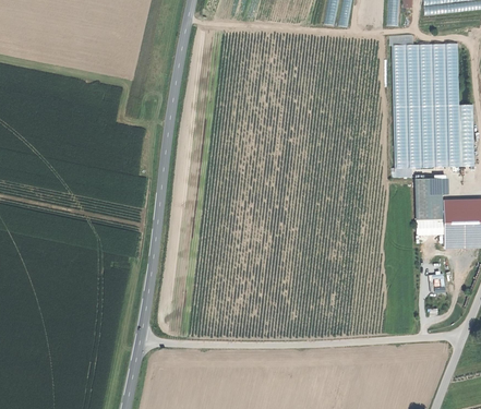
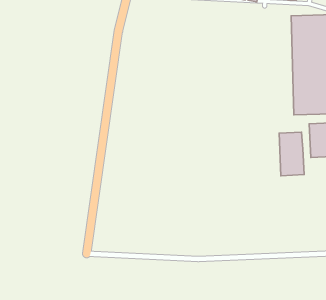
building: none -> [279,132,304,176]

